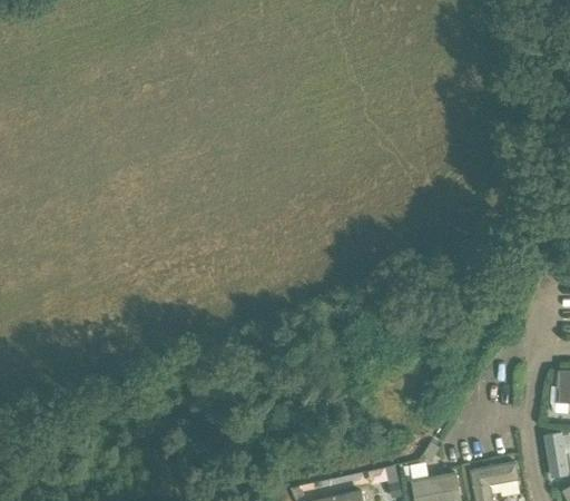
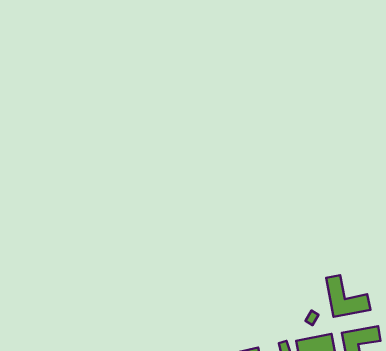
building: none -> [326,275,370,317]

